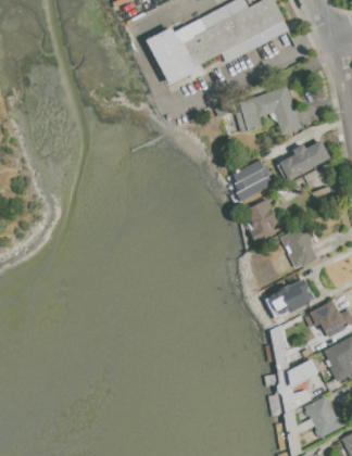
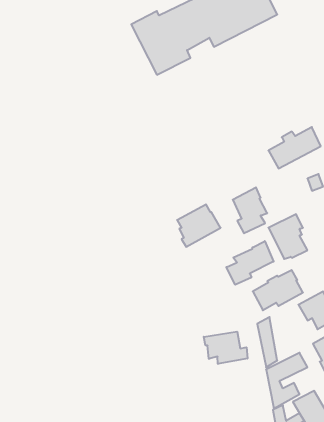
building: [235,86,302,135] -> none
building: [232,160,275,201] -> [177,204,221,247]
building: none -> [226,241,274,285]
building: none -> [204,332,247,364]

